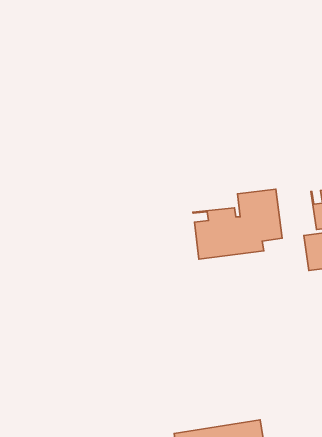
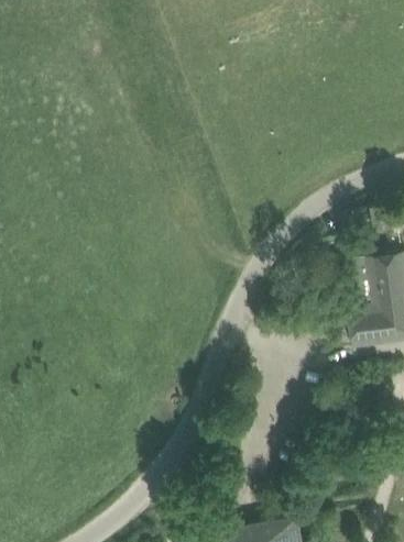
building: [193,189,282,259] -> none

